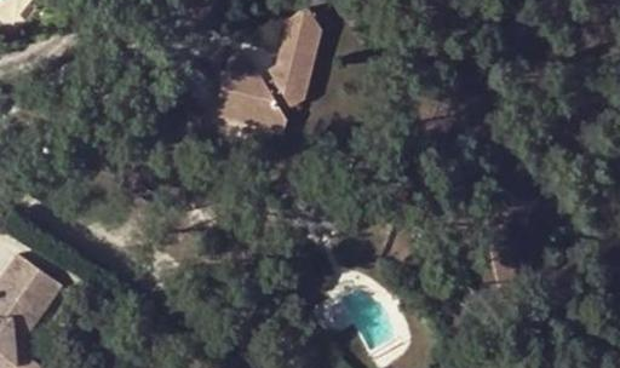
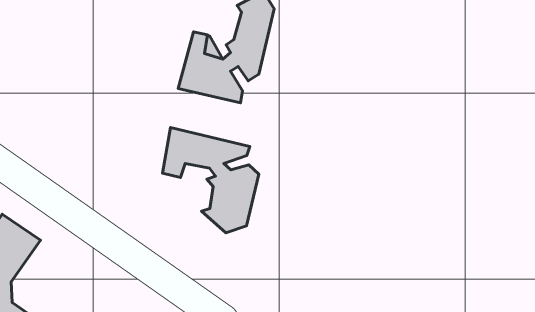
building: none -> [162,128,259,233]

